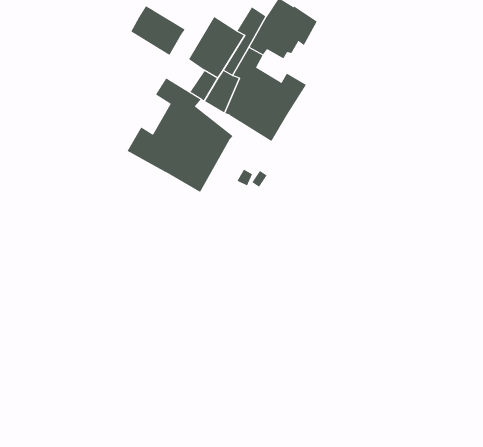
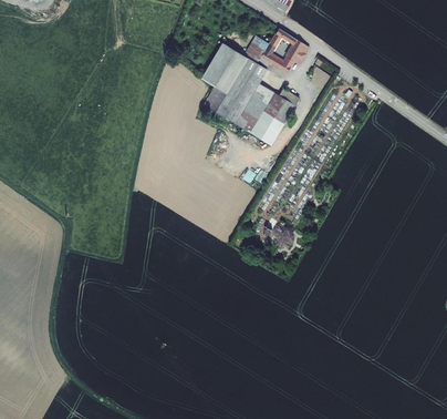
building: [131,6,186,56] -> none
building: [127,78,234,193] -> none

